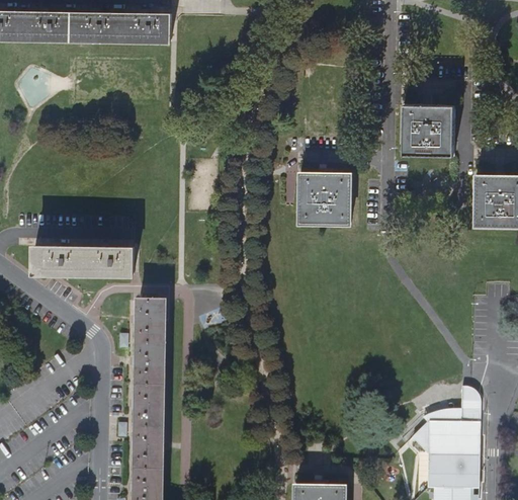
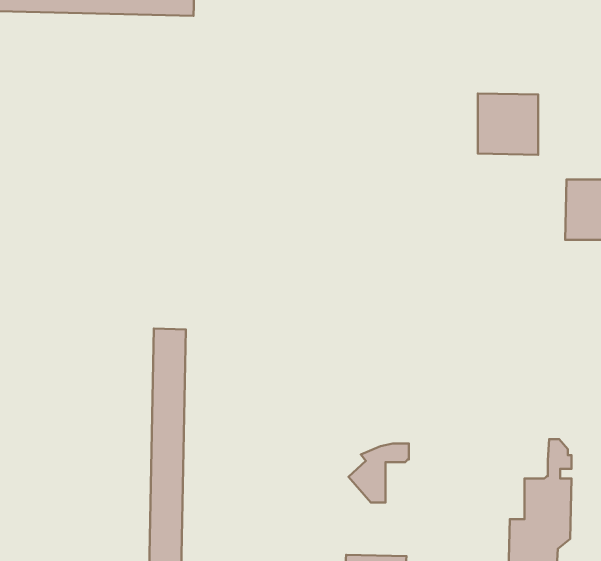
building: [299,172,350,223] -> none
building: [39,243,139,273] -> none
building: [411,407,460,455] -> [349,444,409,503]

